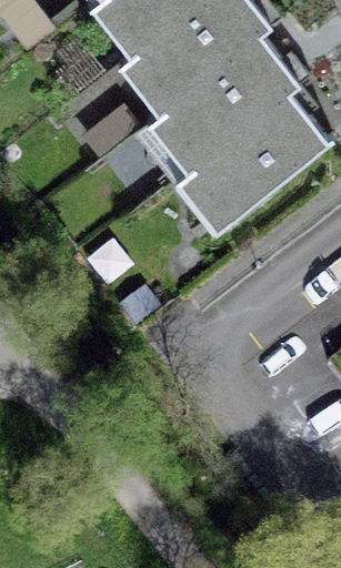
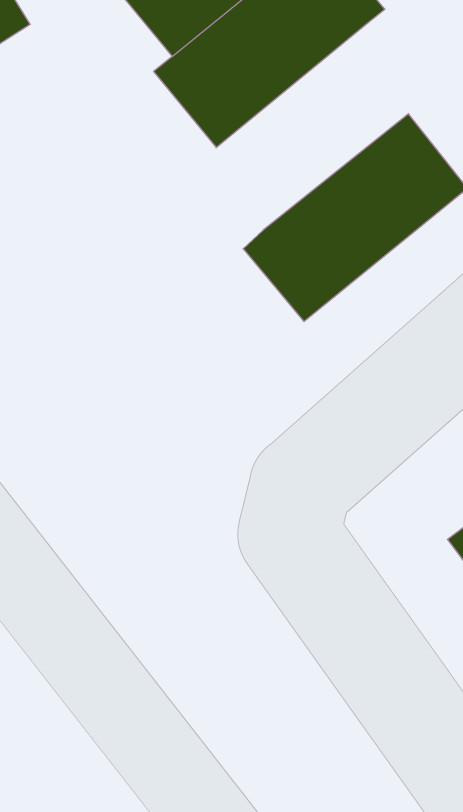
building: [153,36,301,172] -> none

